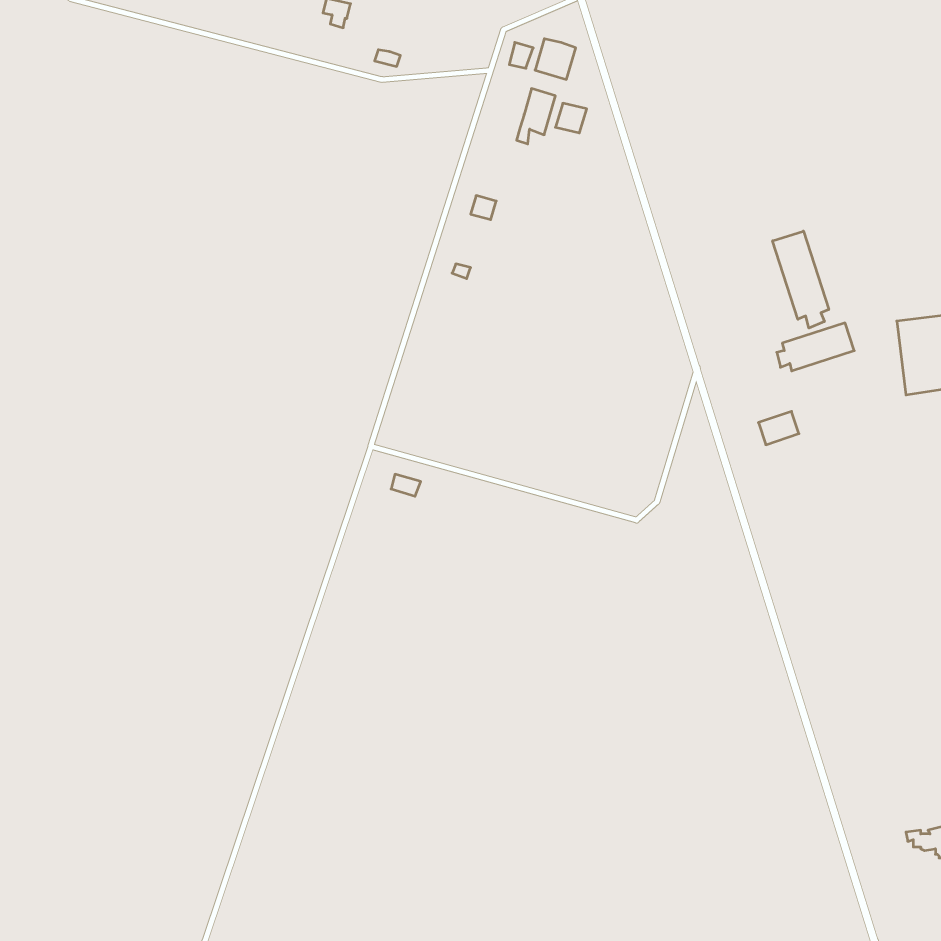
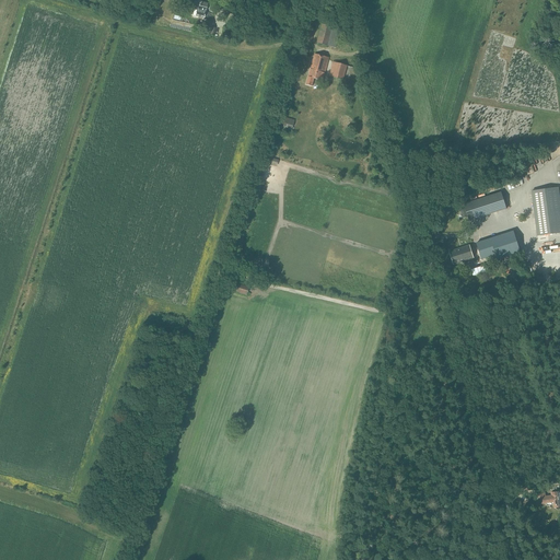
building: [773,231,829,328] -> none
building: none -> [477,230,522,259]

